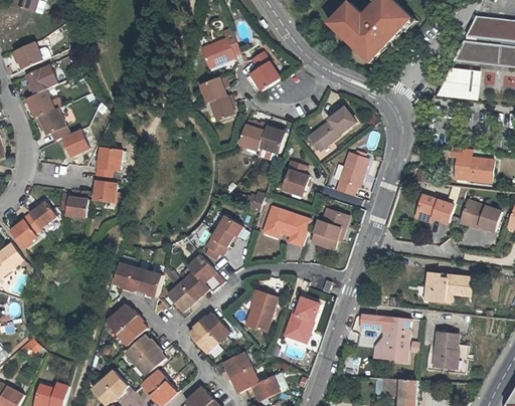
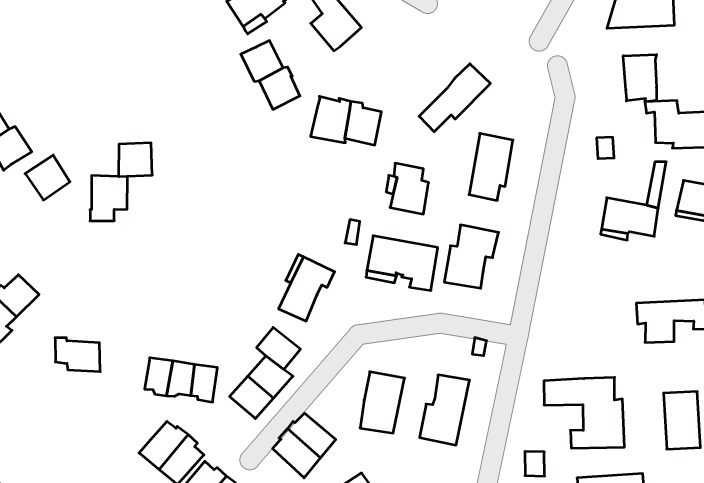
building: none -> [623,55,657,102]
building: [93,179,116,201] -> [119,143,152,177]
building: [59,191,89,216] -> [55,338,100,372]

